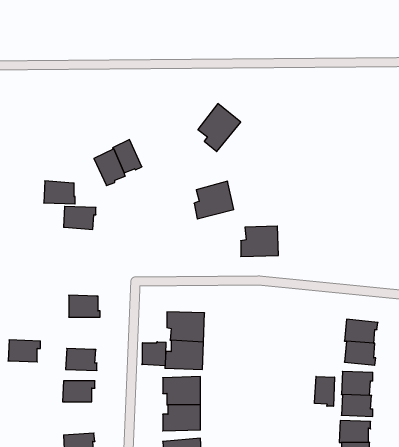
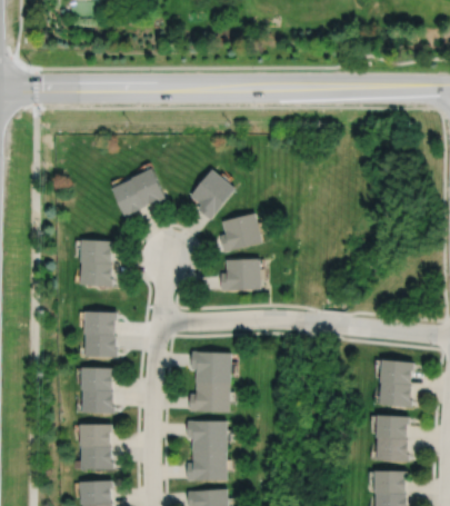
building: [198,104,241,152] -> [189,168,234,219]
building: [44,181,75,204] -> [80,261,113,286]
building: [241,226,278,256] -> [220,258,260,290]
building: none -> [84,311,118,335]
building: [8,340,40,362] -> [81,368,116,391]
building: [142,342,166,366] -> none
building: [315,376,334,406] -> none
building: none -> [81,447,113,470]

